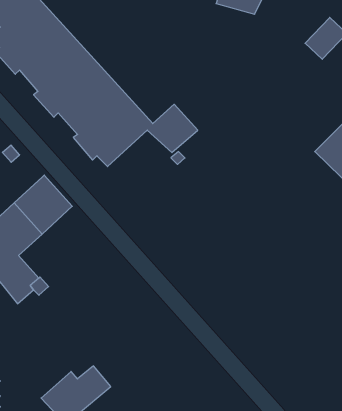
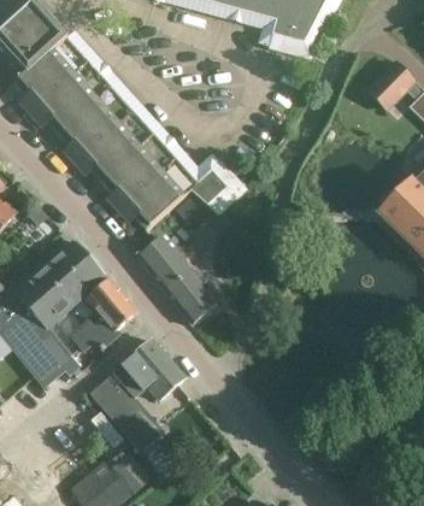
building: none -> [137,235,218,324]
building: none -> [70,277,137,348]
building: none -> [89,339,184,451]

